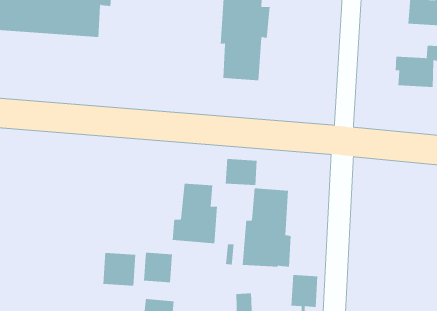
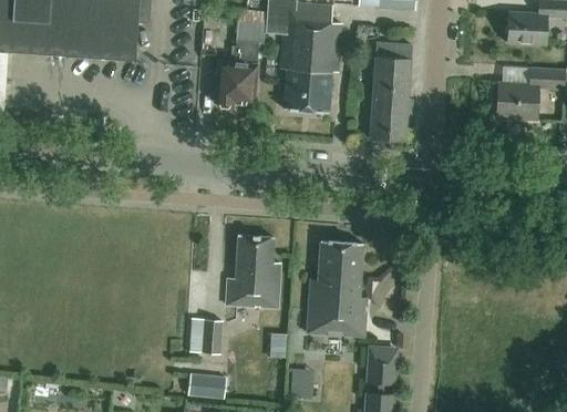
building: none -> [214,22,265,107]
building: none -> [369,42,412,141]
building: [225,158,257,186] -> none
building: [103,252,136,287] -> none

